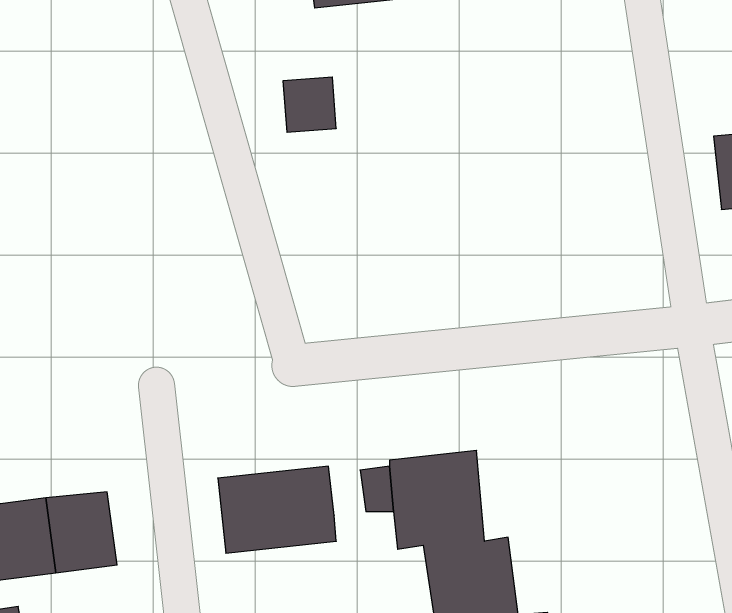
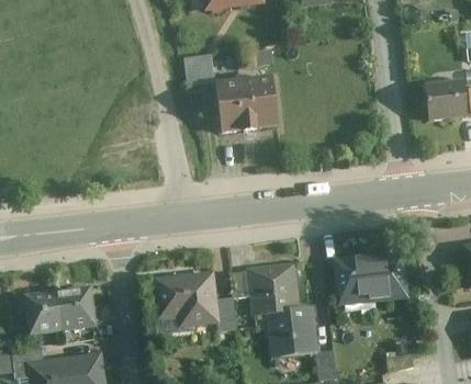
building: none -> [217,79,278,138]
building: none -> [332,247,407,304]
building: none -> [215,295,236,331]

